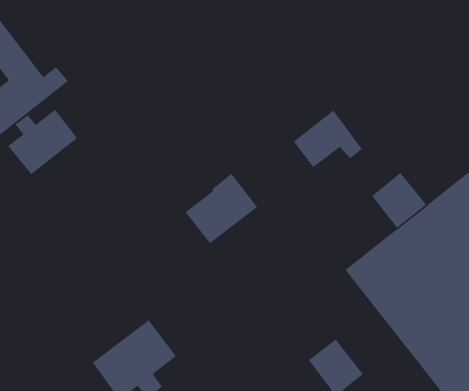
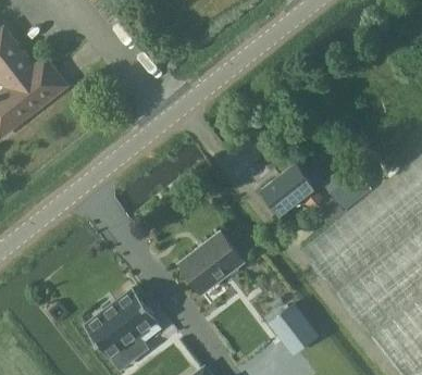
building: [7,109,78,175] -> none
building: [293,110,363,168] -> [263,164,323,214]
building: [184,173,258,244] -> [183,232,246,292]

